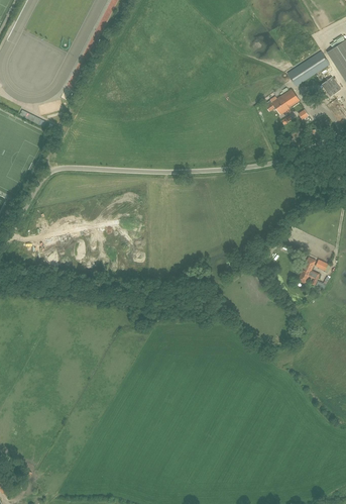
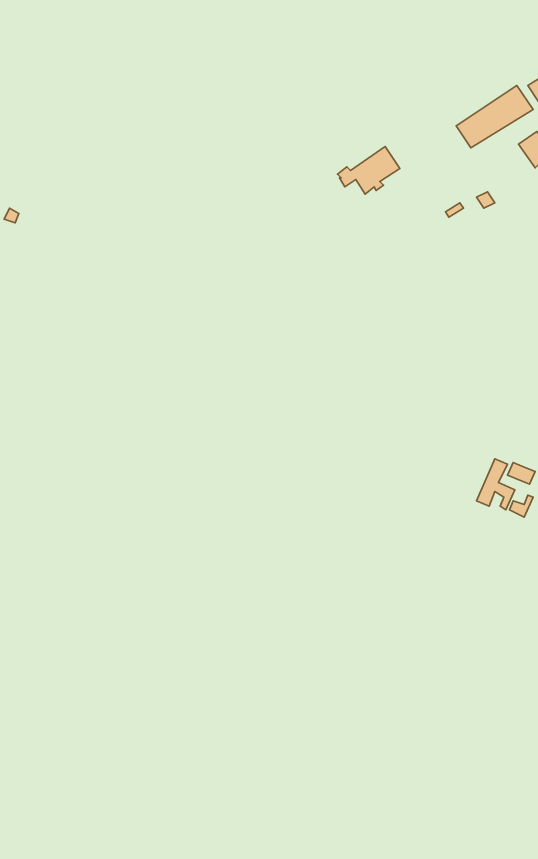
building: [264,88,299,114] -> [338,147,400,194]

